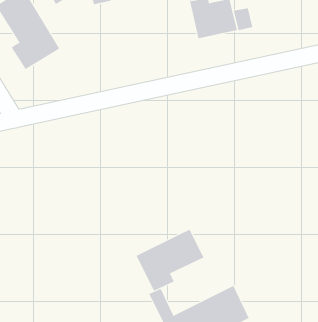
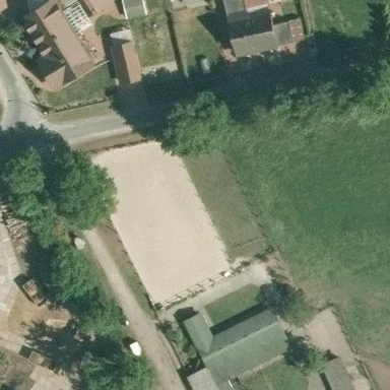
building: none -> [113,42,141,82]
building: [136,229,204,291] -> none

